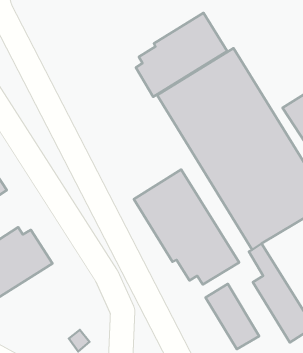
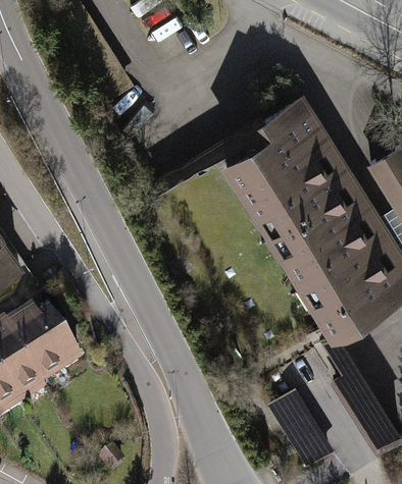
building: [136,13,227,97] -> none
building: [134,170,239,284] -> none

